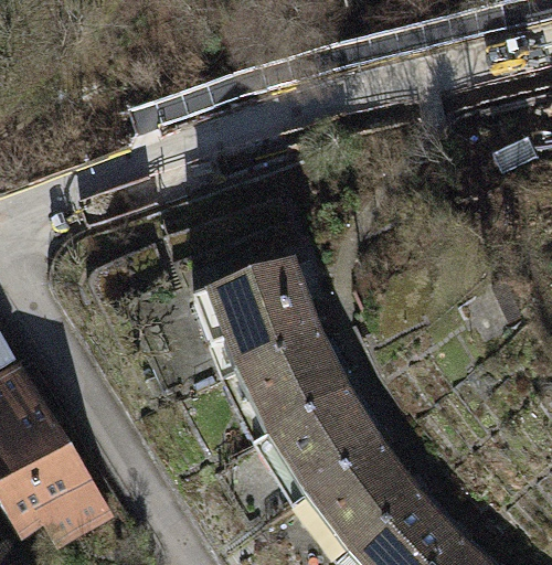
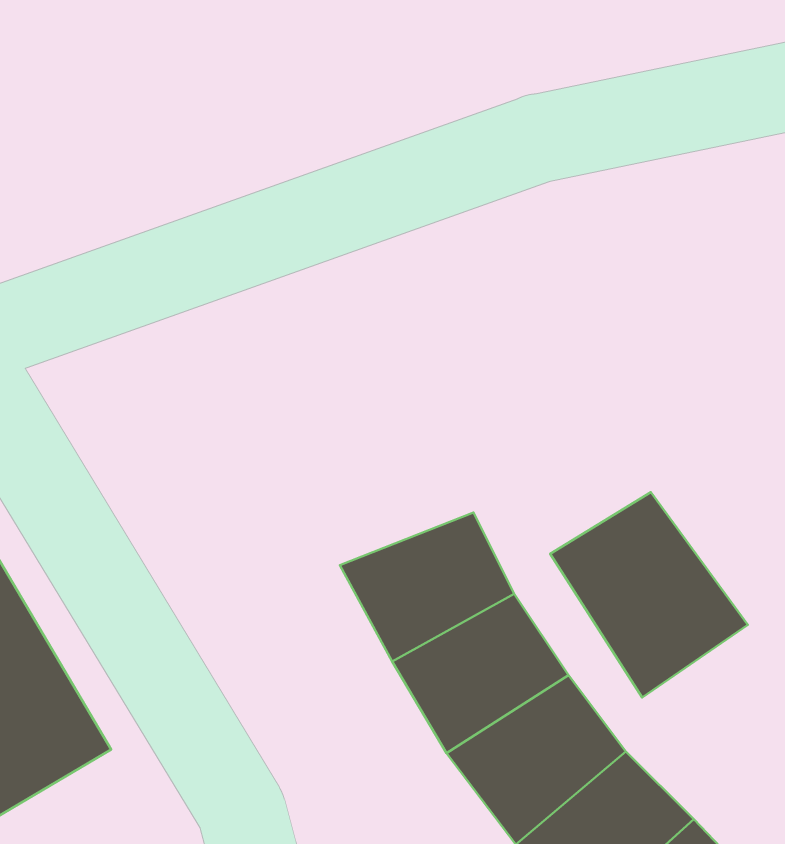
building: [198,263,327,380] -> none
building: none -> [550,492,748,698]

